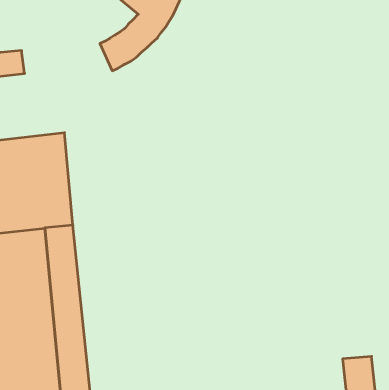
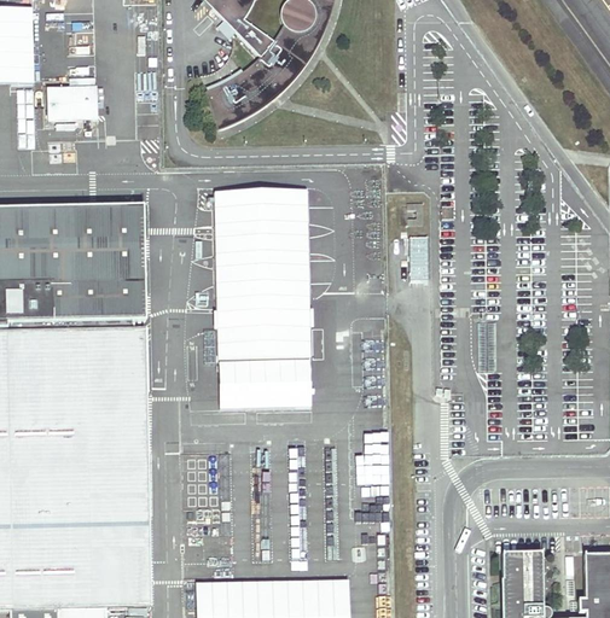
building: none -> [214,193,309,408]

